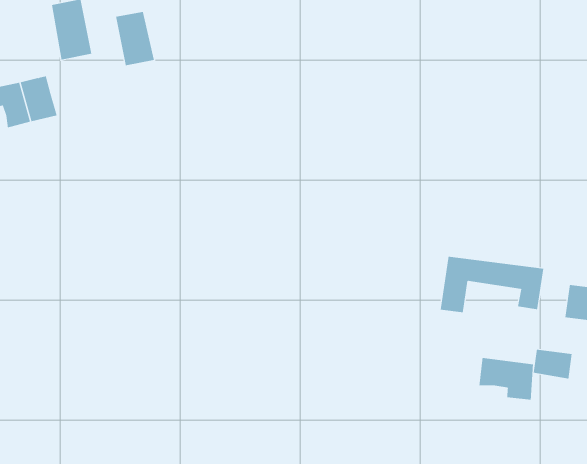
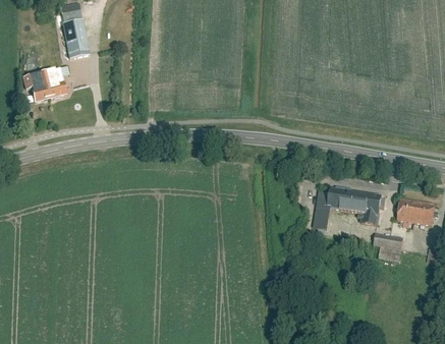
building: [116,11,154,66] -> none
building: [479,357,534,400] -> none

